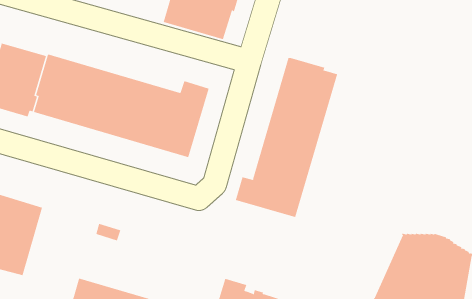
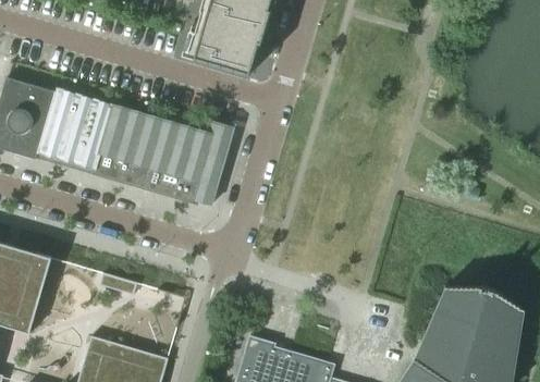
building: [235,57,338,218] -> none

